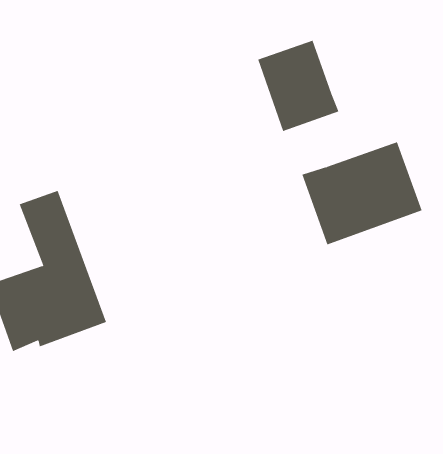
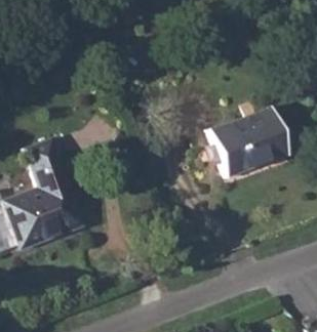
building: [257,40,339,132] -> none

